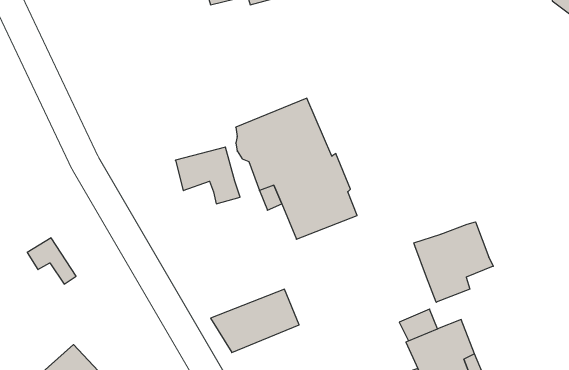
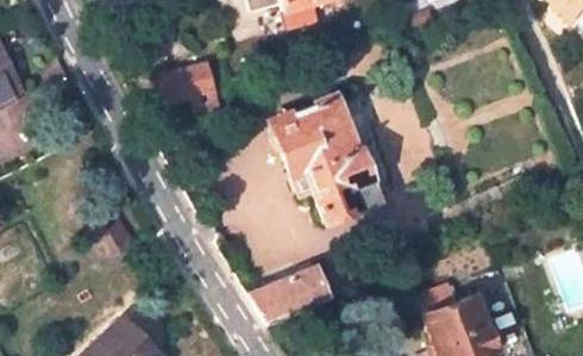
building: [175,147,240,204] -> [163,64,221,115]
building: [414,222,493,302] -> none

